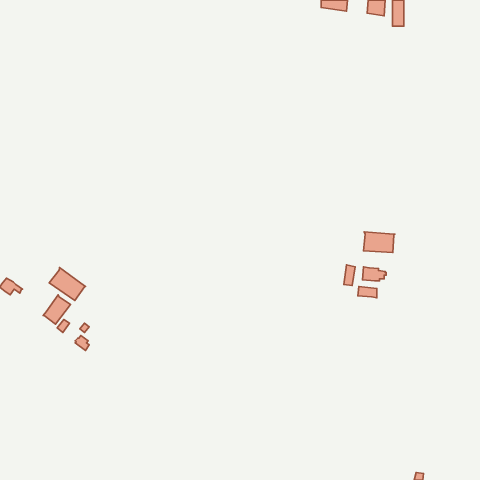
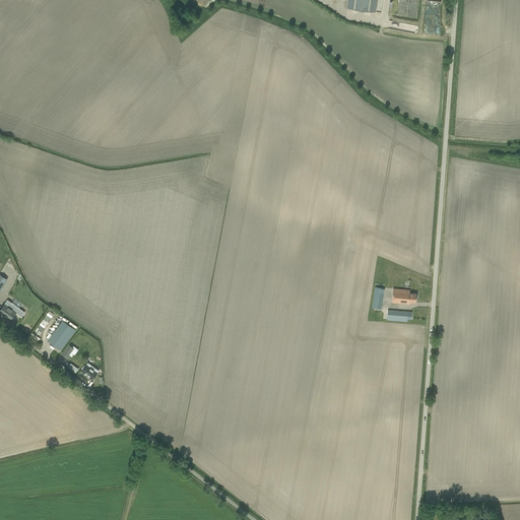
building: [363,232,395,252] -> none
building: [49,268,86,301] -> none

